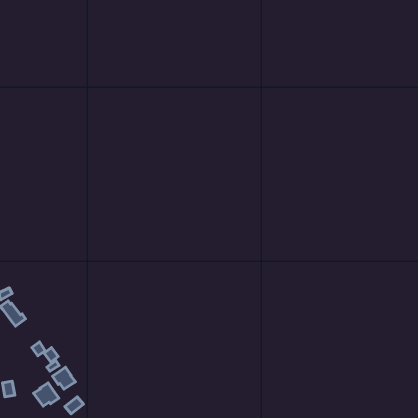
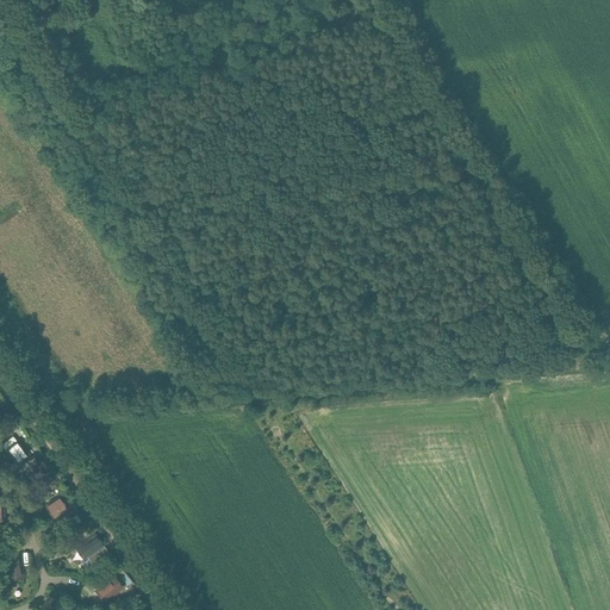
building: [34,383,59,406] -> none

